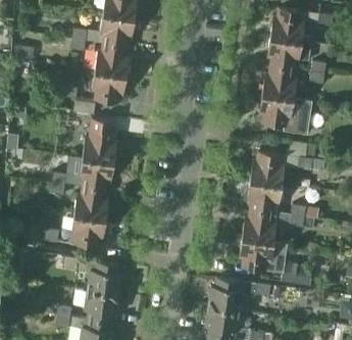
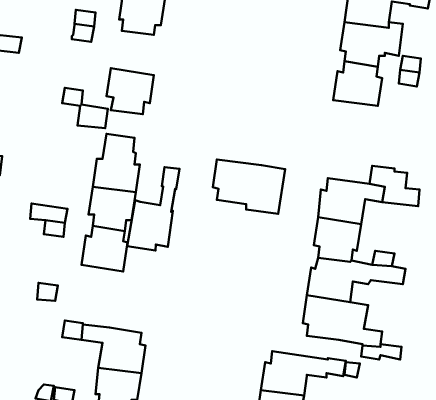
building: [98,43,132,76] -> none
building: [258,94,311,134] -> [213,159,285,214]
building: none -> [127,167,179,251]
building: [73,214,107,246] -> none

